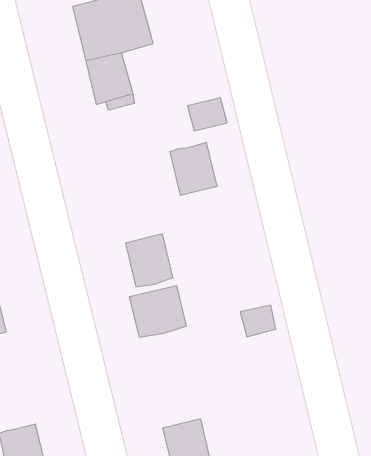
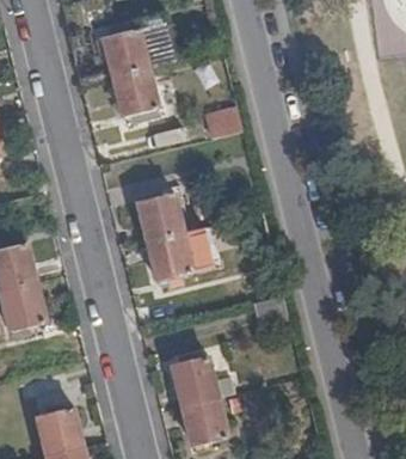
building: [170,142,217,195] -> [141,194,184,241]
building: [129,285,186,337] -> none
building: none -> [174,362,219,409]

